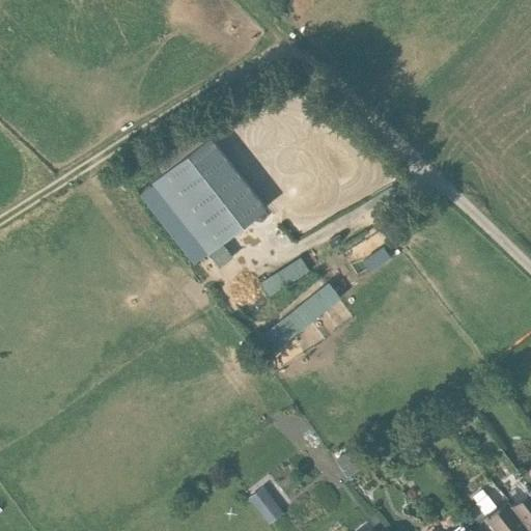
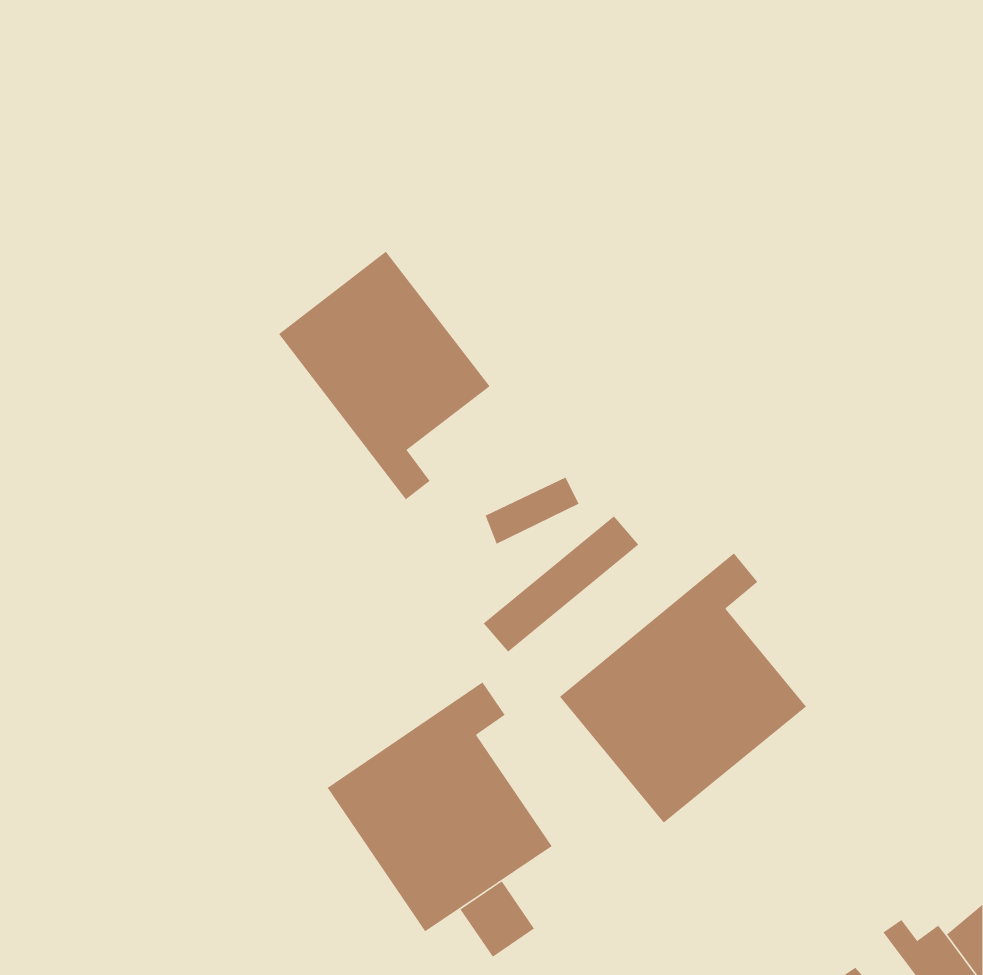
building: none -> [559,552,807,824]
building: none -> [327,682,553,932]

